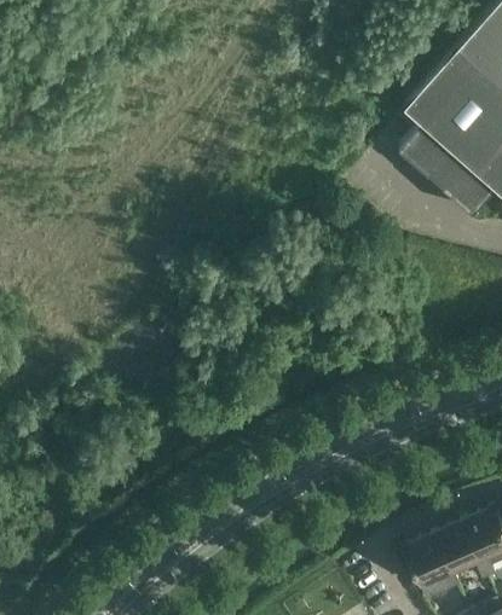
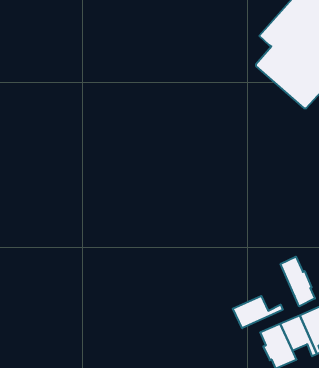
building: none -> [281,257,315,306]
building: none -> [233,296,283,328]

